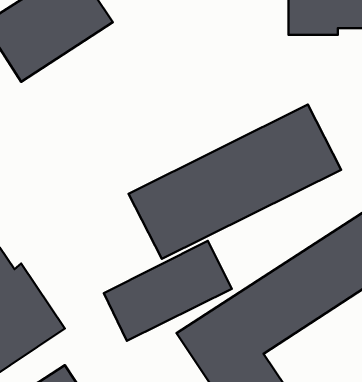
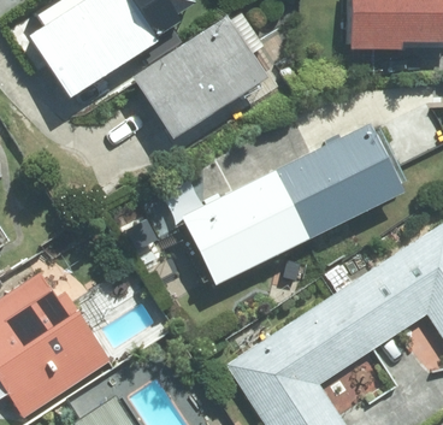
building: none -> [132,18,262,137]
building: [104,241,232,341] -> none

